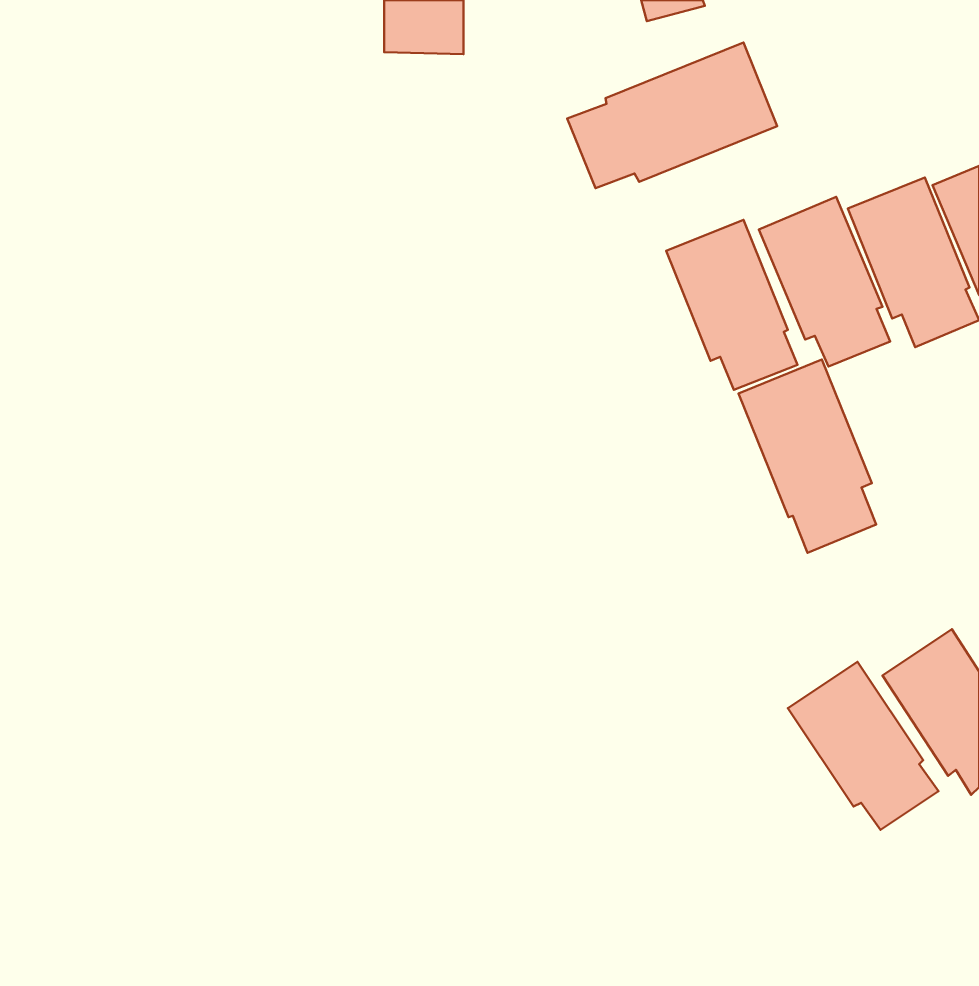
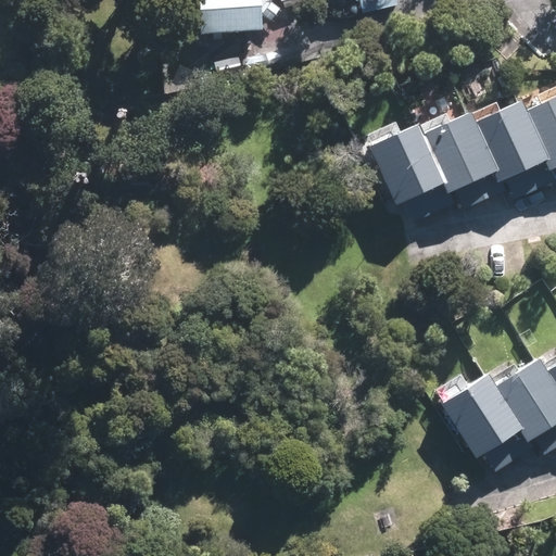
building: [567,42,777,188] -> none
building: [738,360,876,553] -> none

